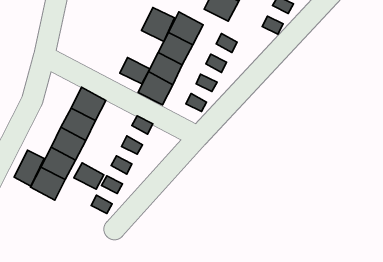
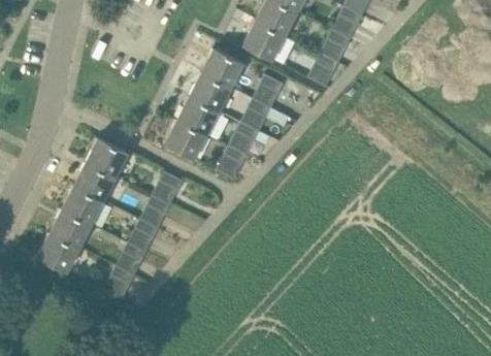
building: [141,8,175,42] -> none
building: [120,58,150,84] -> none
building: [14,150,44,186] -> none
building: [74,163,104,189] -> none

